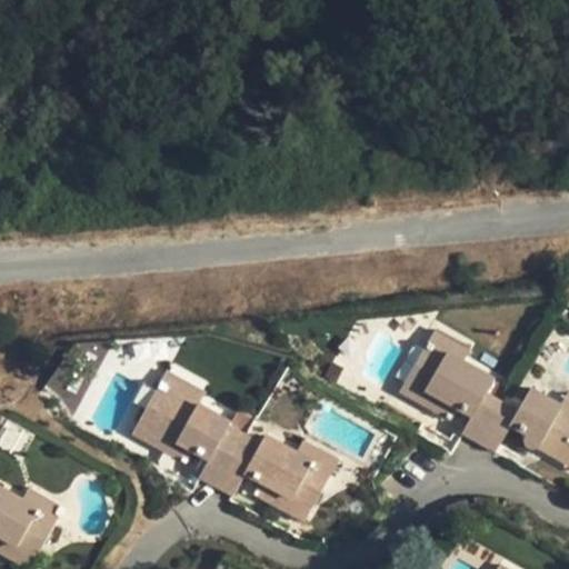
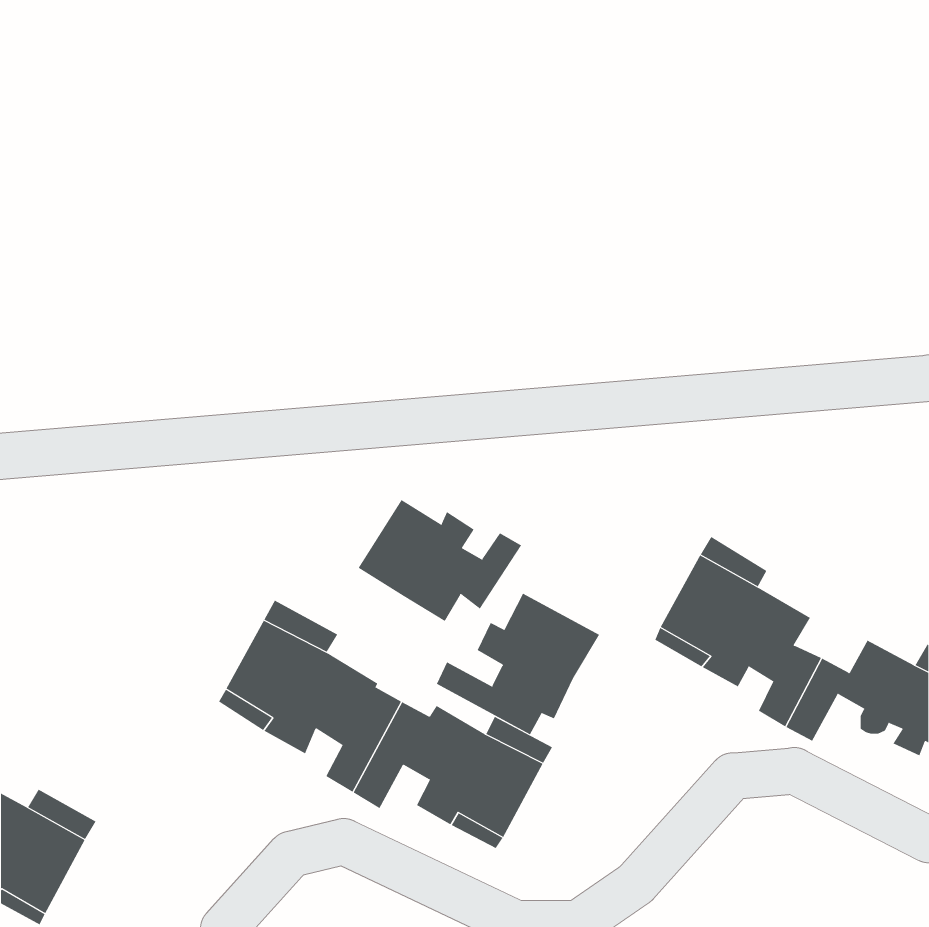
building: none -> [358,499,522,622]
building: none -> [436,593,600,735]

